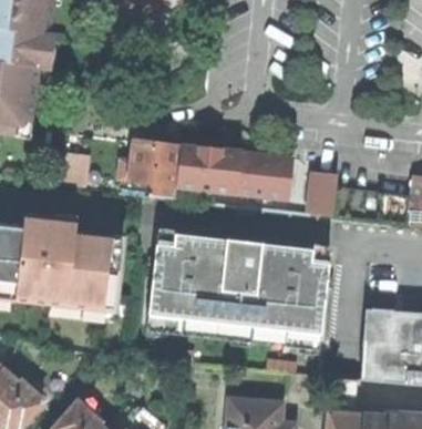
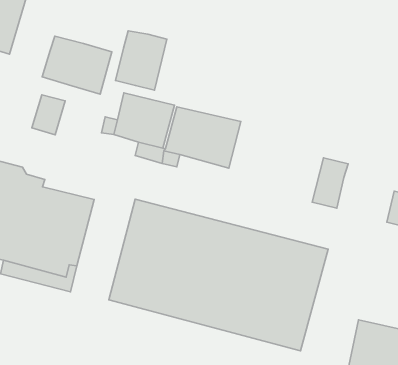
building: none -> [115,31,167,90]
building: none -> [42,36,112,94]
building: [234,151,291,198] -> none

